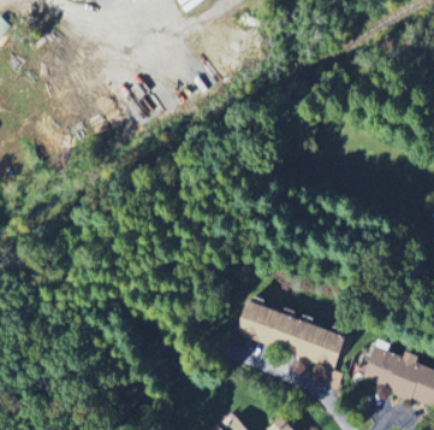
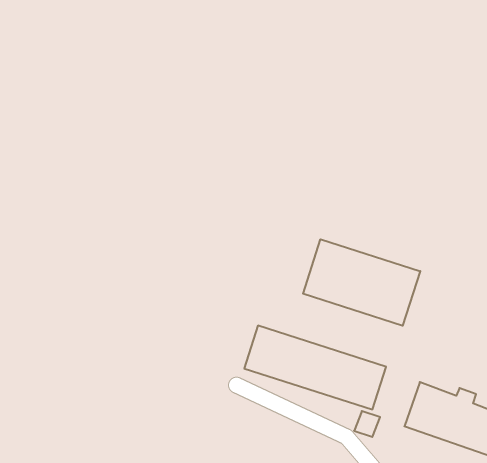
building: none -> [303,239,420,326]

